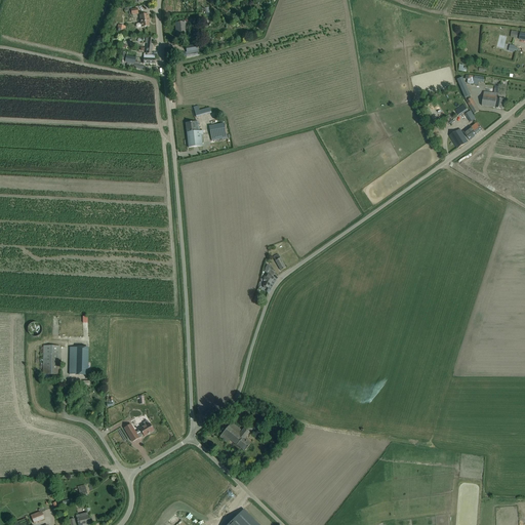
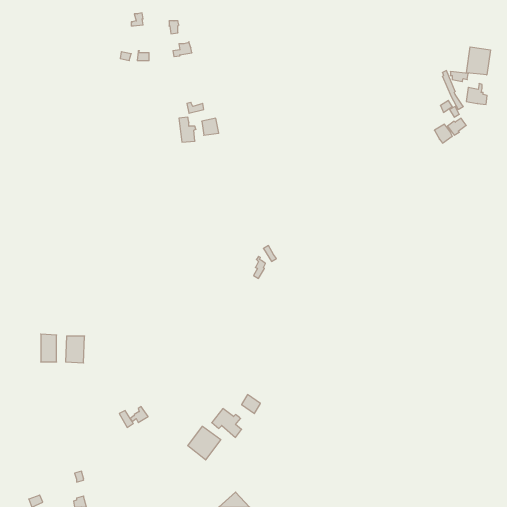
building: none -> [466,47,490,75]
building: none -> [188,426,221,460]

